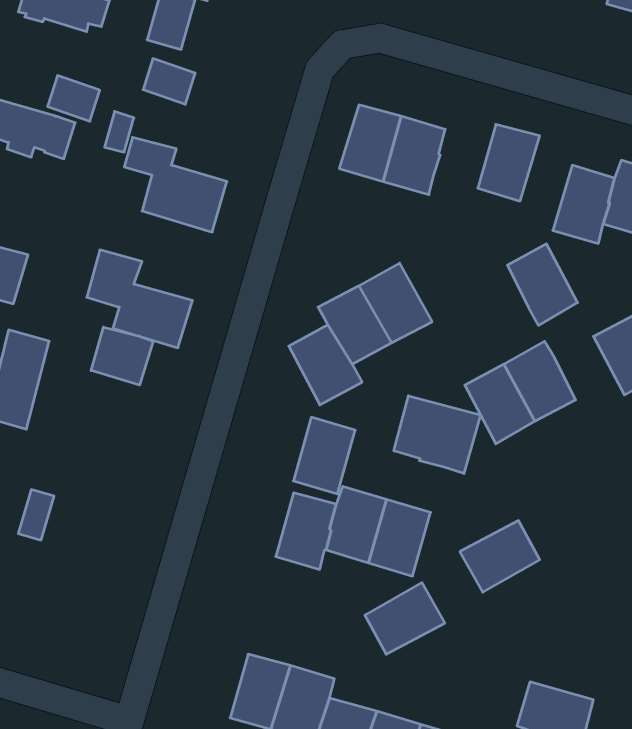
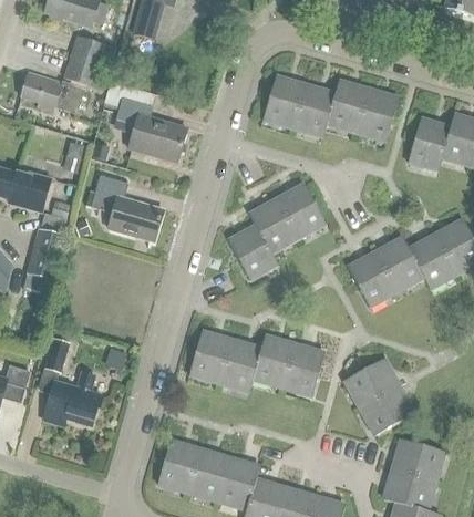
building: [143,59,195,104] -> [71,35,106,66]
building: none -> [327,81,369,133]
building: [507,244,578,325] -> [409,234,456,289]
building: [91,327,153,385] -> none
building: [394,396,480,474] -> none
building: [293,417,355,494] -> [189,331,231,383]
building: none -> [44,372,101,426]
building: [365,583,445,654] -> [360,385,414,434]
building: none -> [392,438,444,480]
building: none -> [157,440,200,493]

